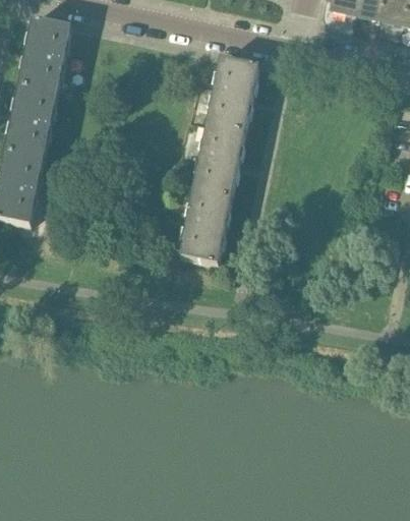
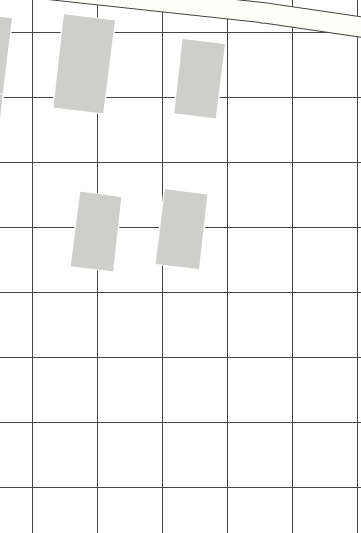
building: none -> [53,13,116,114]
building: [192,122,244,196] -> [70,191,122,272]

